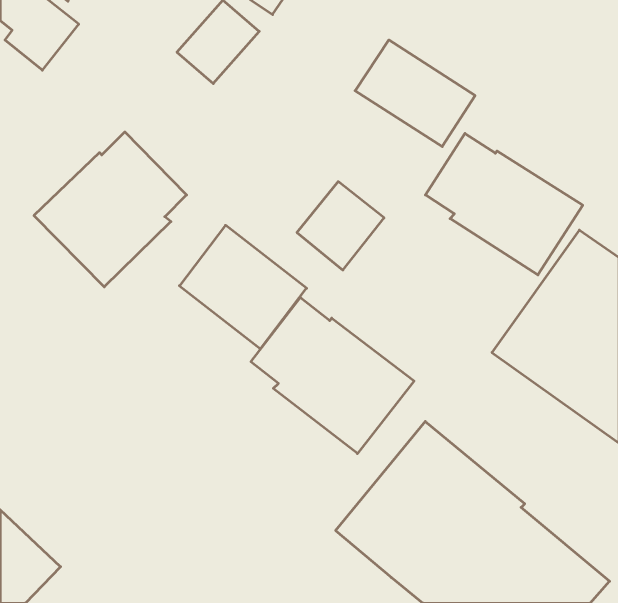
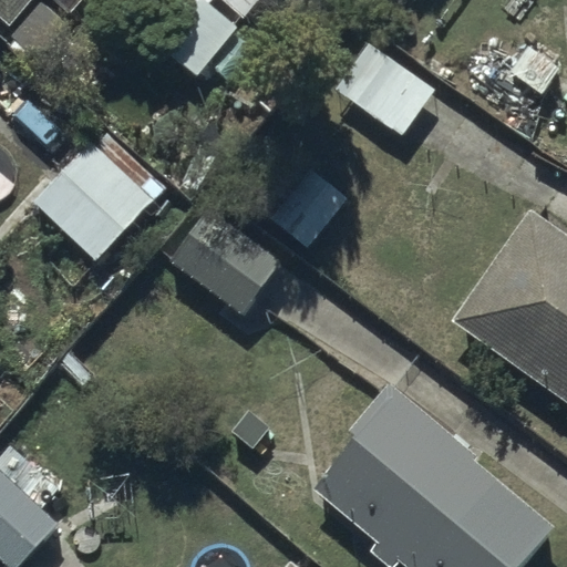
building: [425,133,583,275] -> none
building: [251,298,414,454] -> none

